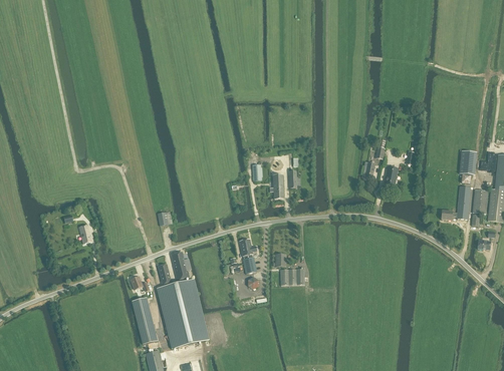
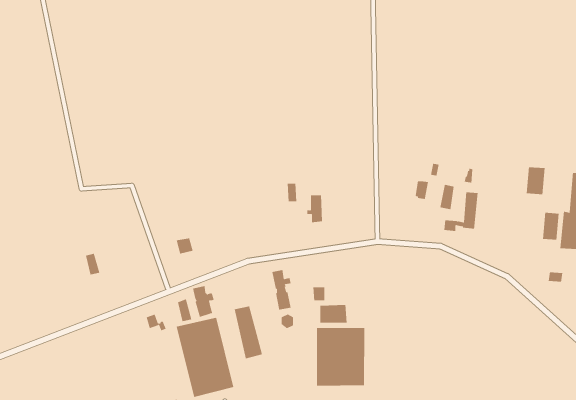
building: [440,186,470,220] -> [443,192,478,231]
building: none -> [316,327,365,386]
building: [132,297,157,343] -> [234,306,263,359]

